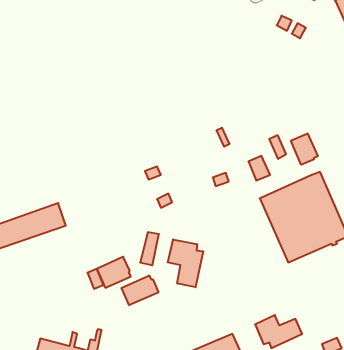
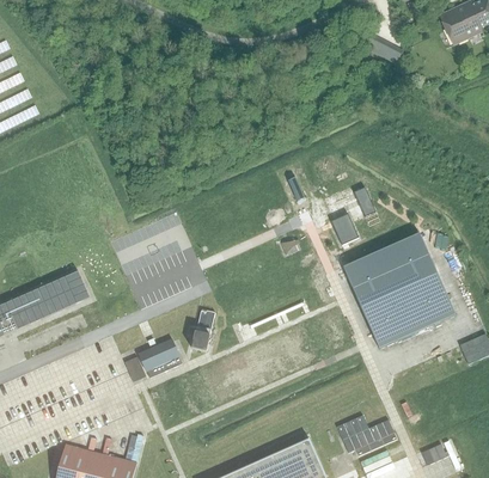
building: [291,133,318,165] -> none
building: [168,239,203,287] -> none
building: [121,275,158,305] -> none

